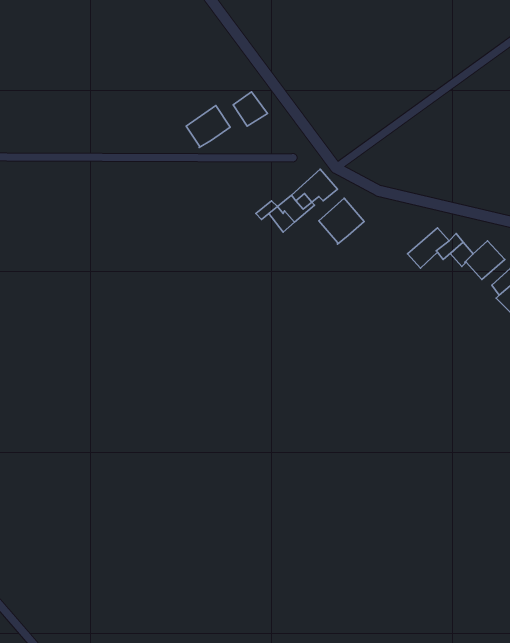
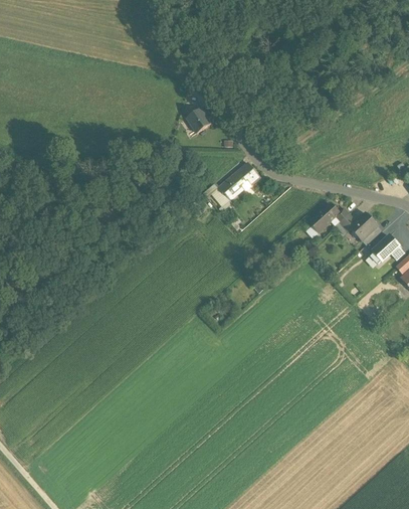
building: [186,105,230,148] -> none
building: [319,198,364,244] -> none

